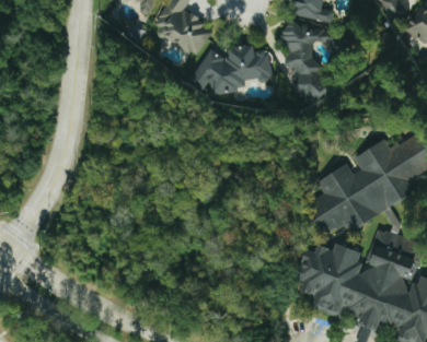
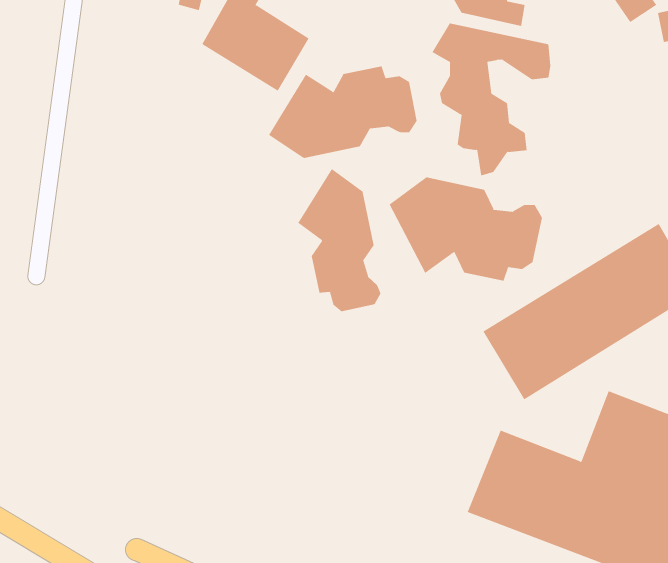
building: none -> [298,168,381,312]
building: none -> [389,176,542,282]

